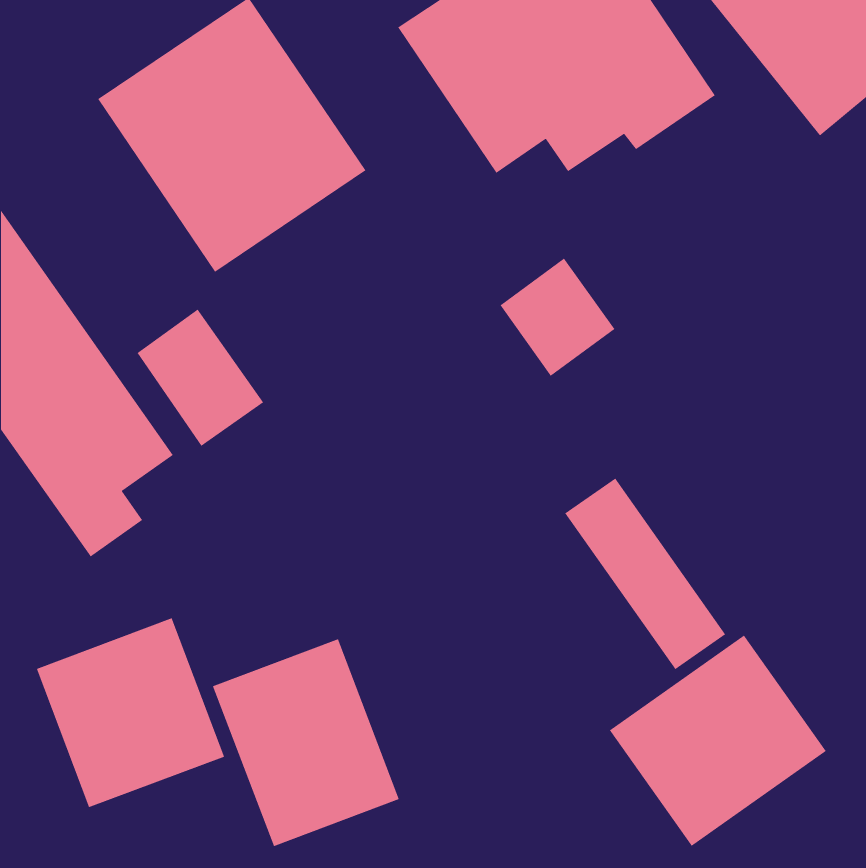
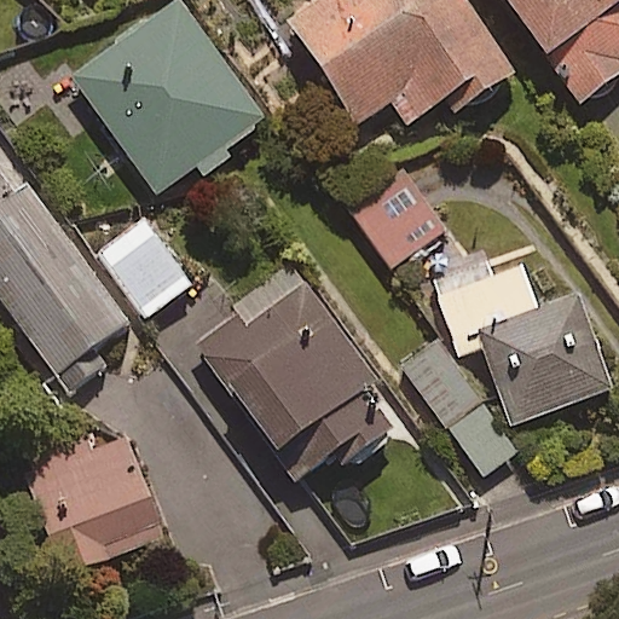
building: none -> [197,266,394,476]
building: none -> [438,266,612,424]
building: [609,635,827,847] -> none
building: [212,638,400,847] -> none

